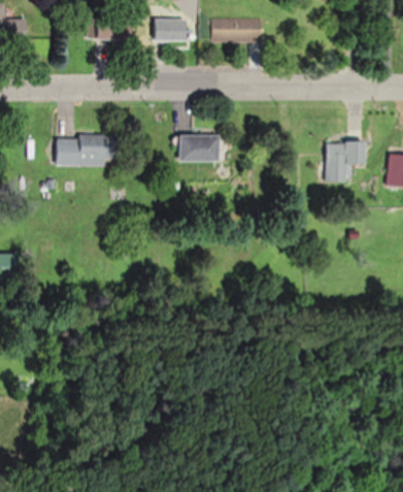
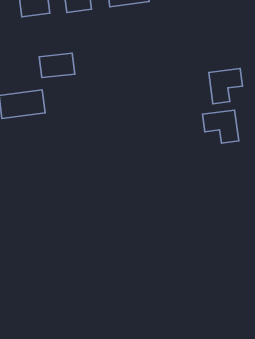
building: [179,134,222,162] -> [39,53,75,78]
building: none -> [202,110,239,143]

